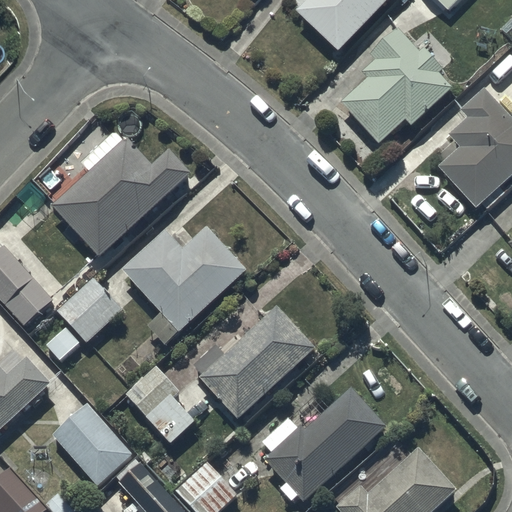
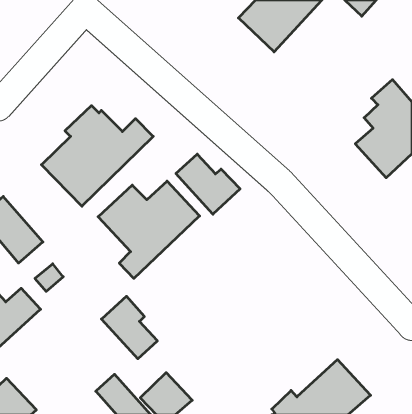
building: [339,39,450,154] -> none
building: none -> [176,154,240,214]
building: [55,276,122,343] -> none
building: [193,303,316,419] -> none
building: [261,386,386,500] -> none
building: [52,403,131,484] -> none

